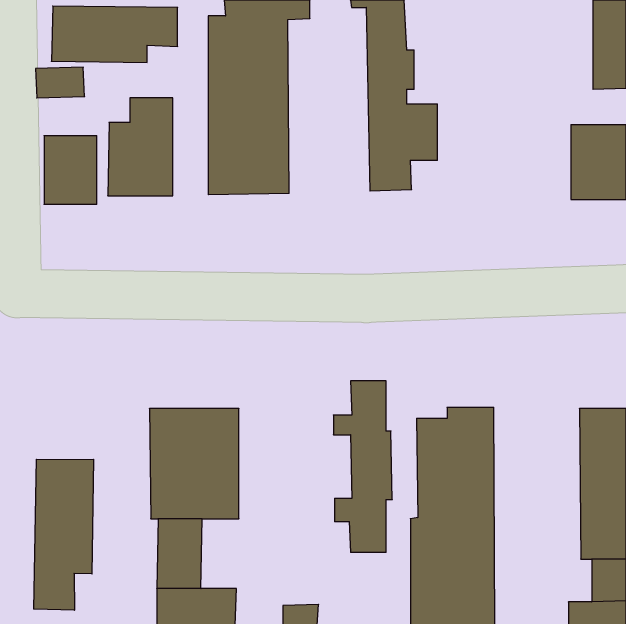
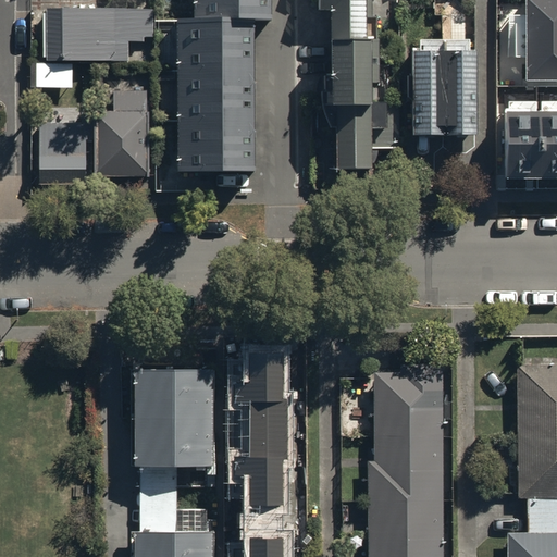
building: none -> [409,49,466,132]
building: [333,381,392,552] -> [236,355,288,507]
building: [34,459,94,610] -> none

